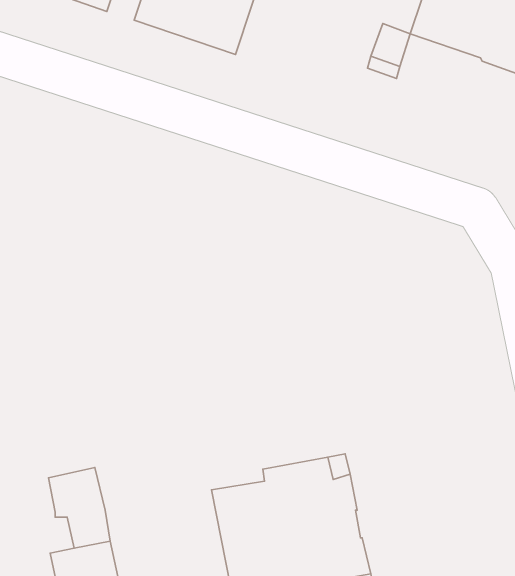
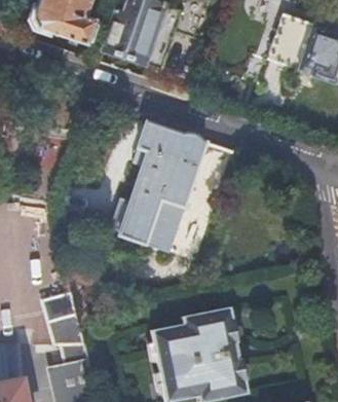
building: none -> [111,122,204,252]

